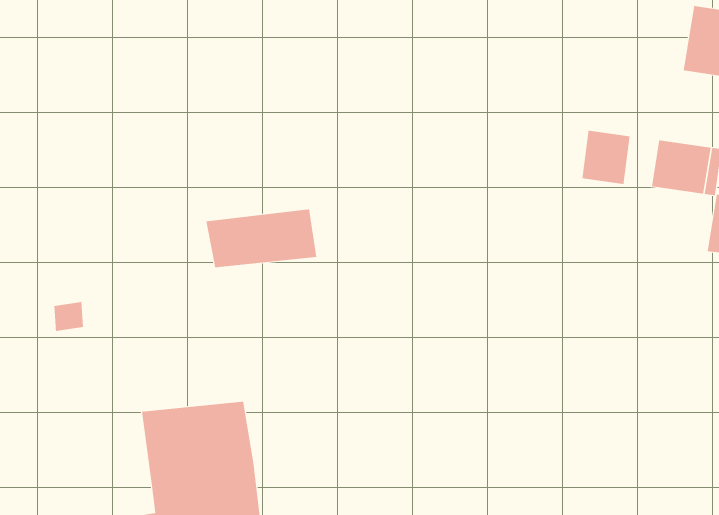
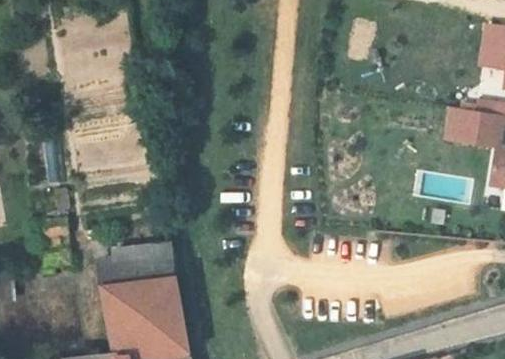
building: [582,130,630,185] -> none
building: [206,209,317,268] -> [102,247,176,286]

